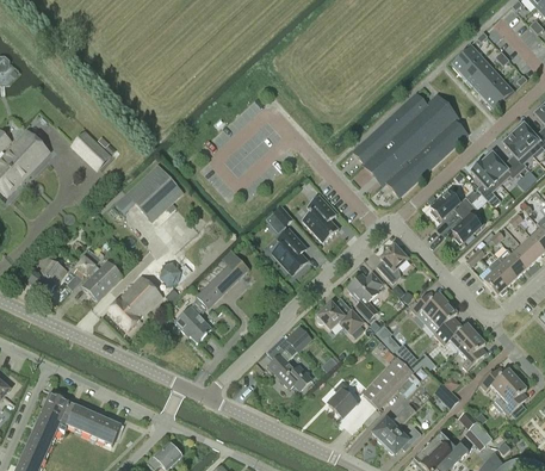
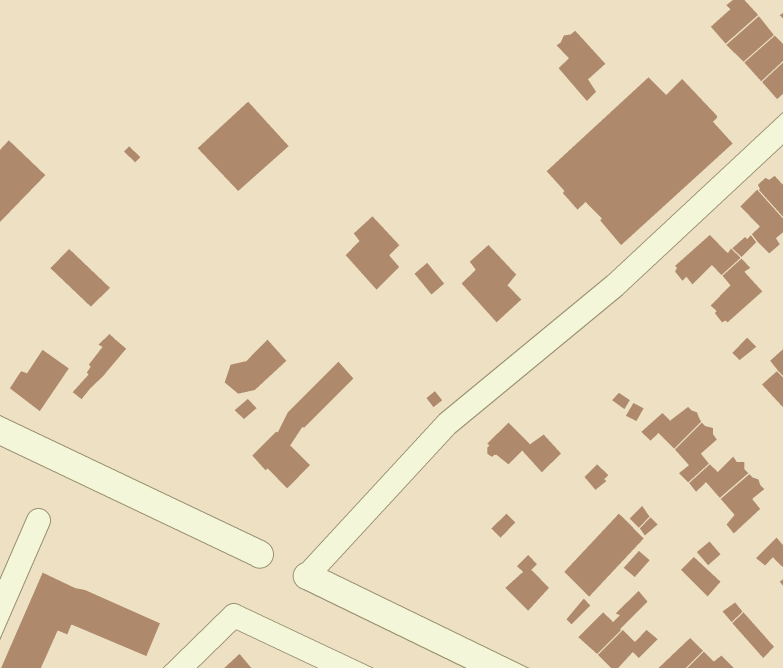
building: none -> [556,30,606,102]
building: [73,131,110,167] -> [49,248,111,308]
building: [126,165,182,219] -> [197,101,290,192]
building: [273,229,306,274] -> [345,216,400,291]
building: [376,243,407,283] -> none
building: [82,260,122,299] -> none
building: [347,271,383,320] -> none
building: [107,275,162,330] -> none
building: [266,327,311,390] -> none

